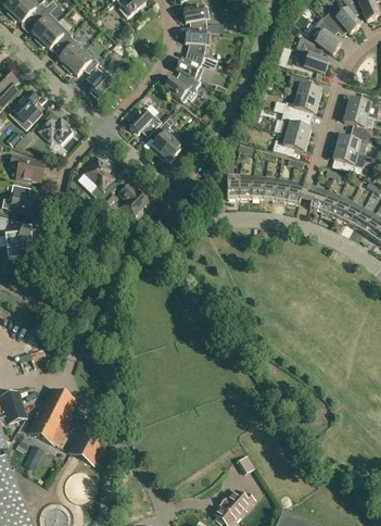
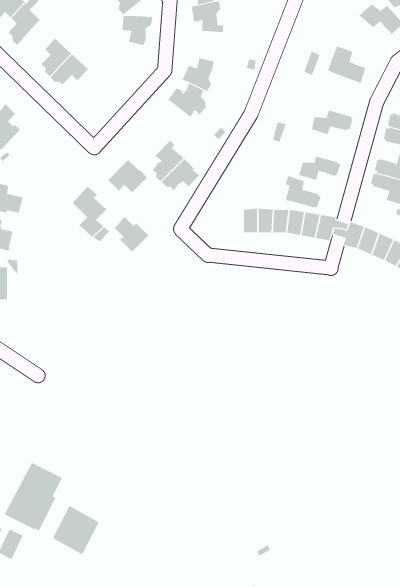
building: [307,17,341,54] -> none
building: [39,21,73,49] -> none
building: [185,30,211,55] -> [122,16,153,46]
building: [88,66,116,97] -> none
building: [289,74,321,101] -> none
building: [128,107,162,135] -> [107,159,148,193]
building: [281,112,312,139] -> [285,175,322,208]
building: [39,118,73,143] -> none

